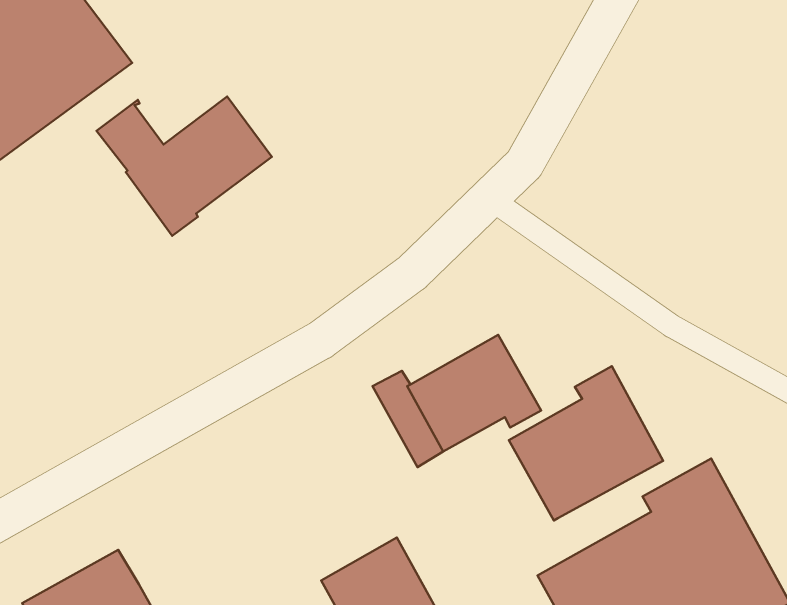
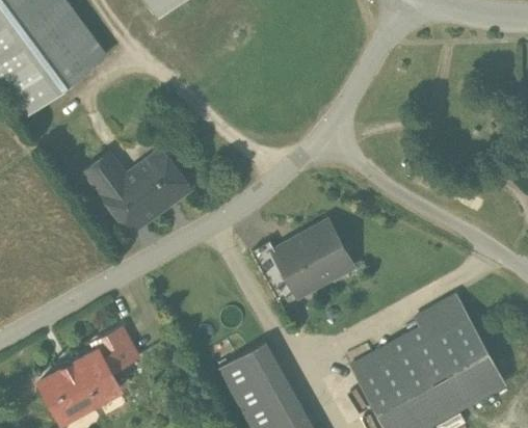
building: [97,96,272,236] -> [83,152,189,236]
building: [509,366,663,521] -> none
building: none -> [94,330,135,372]

